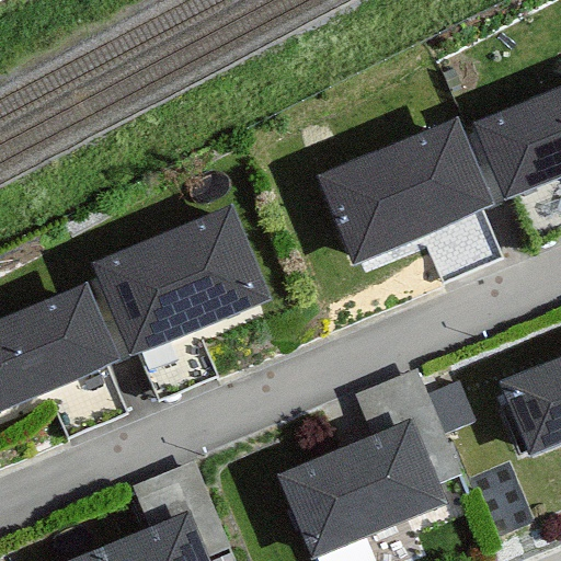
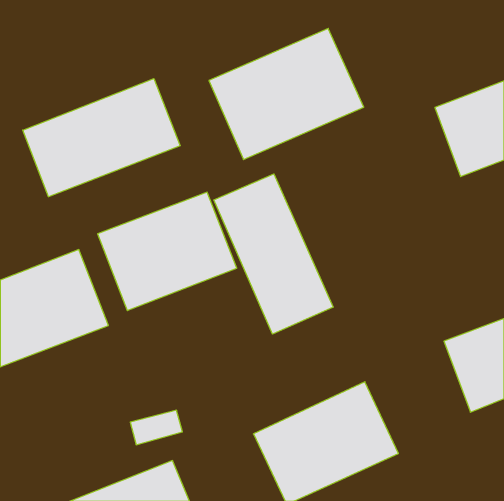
building: none -> [23,79,180,197]
building: [323,118,495,264] -> [209,28,364,160]
building: none -> [214,174,333,334]

